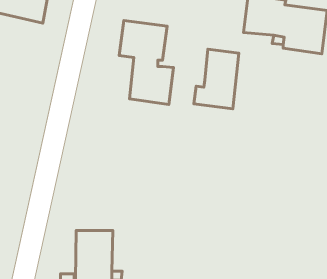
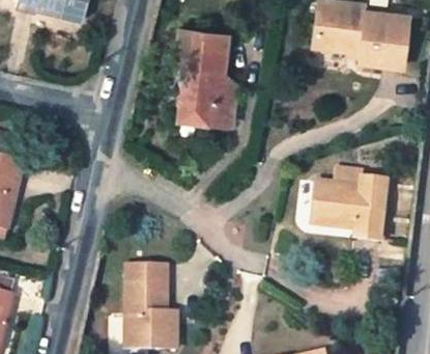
building: [194,49,239,109] -> none
building: none -> [310,174,388,236]

